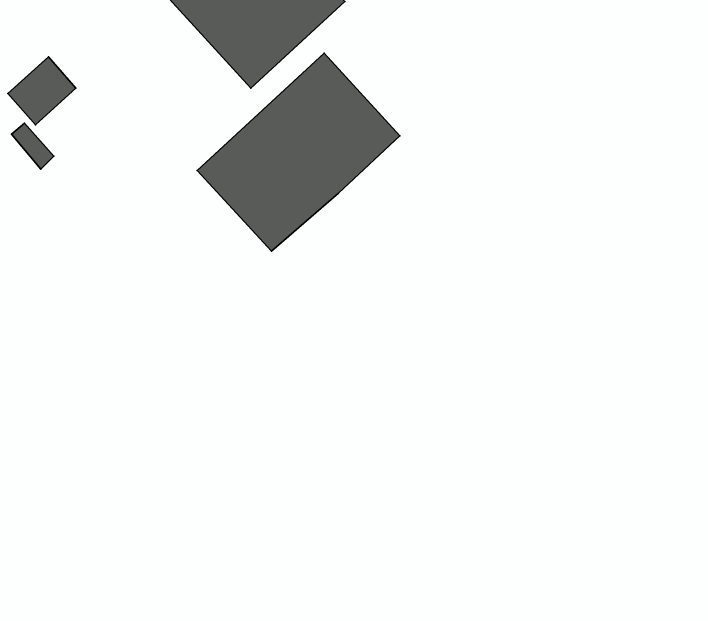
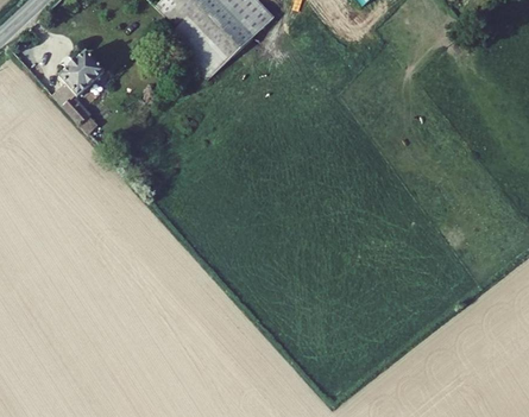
building: [197,53,400,251] -> none

